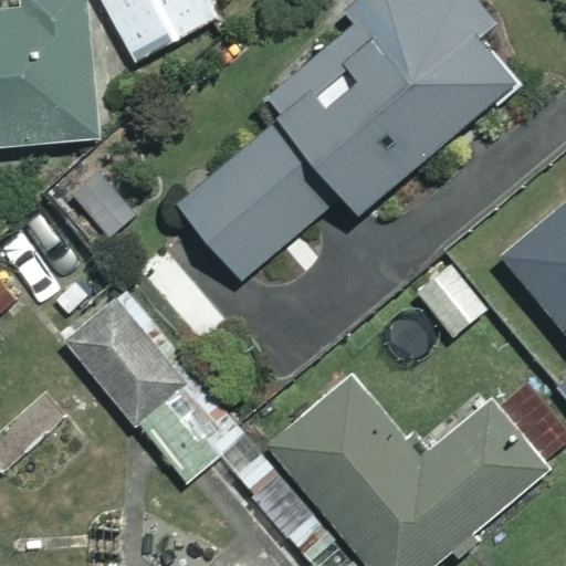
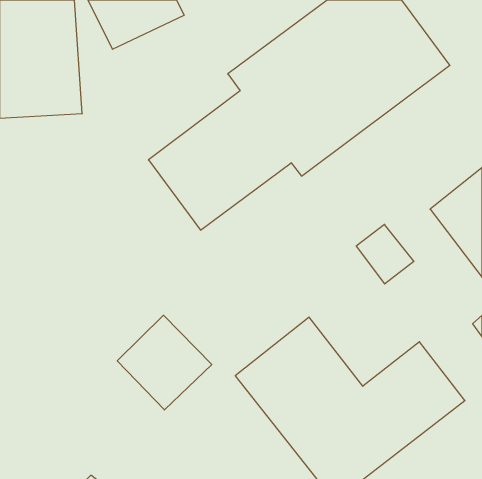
building: [62,296,191,427] -> none

